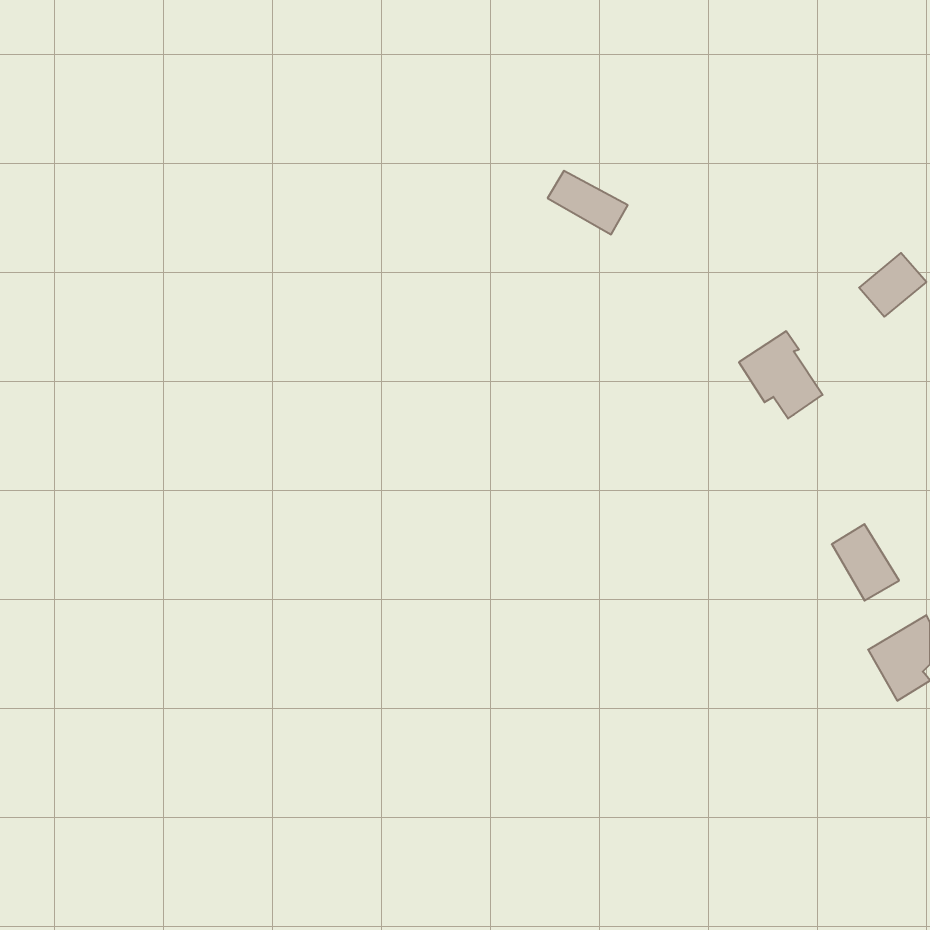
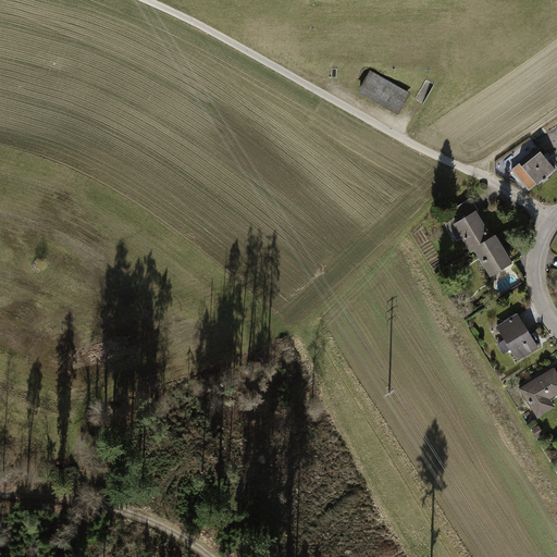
building: [548,171,628,234] -> [360,74,408,112]
building: none -> [474,233,511,275]

